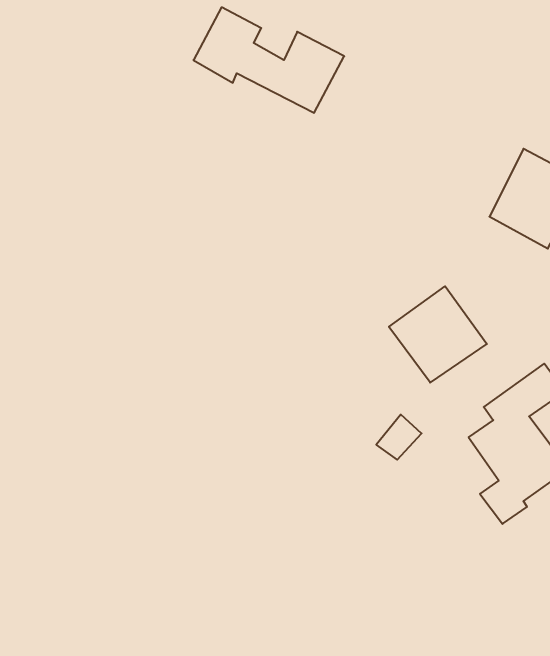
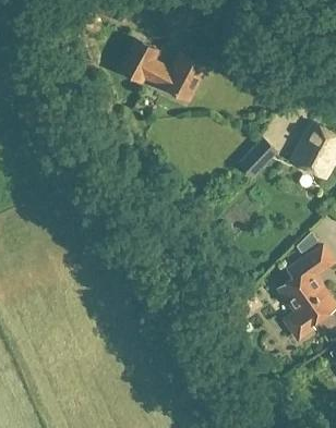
building: none -> [239,138,277,176]
building: [389,286,487,383] -> none

